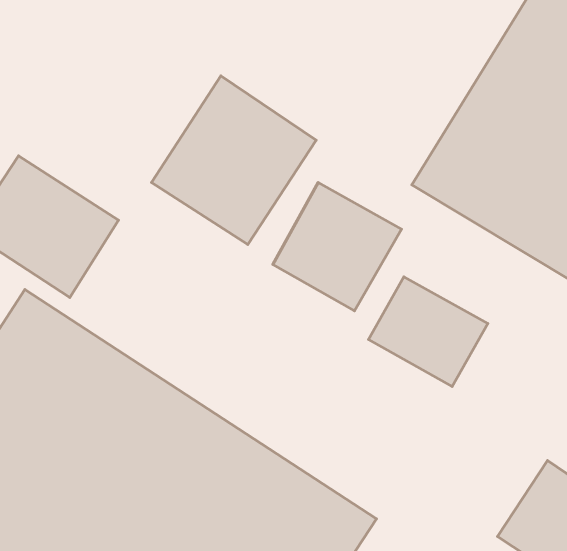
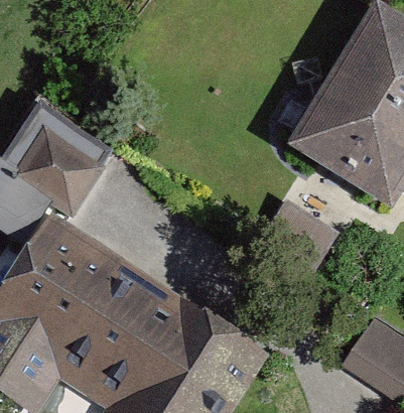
building: [151,76,316,244] -> none
building: [273,183,402,311] -> none

